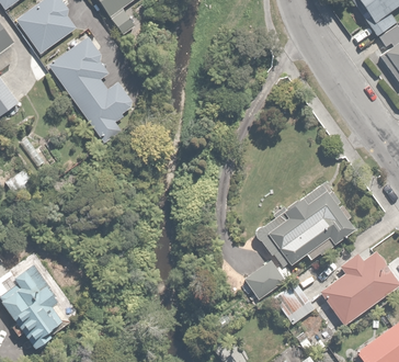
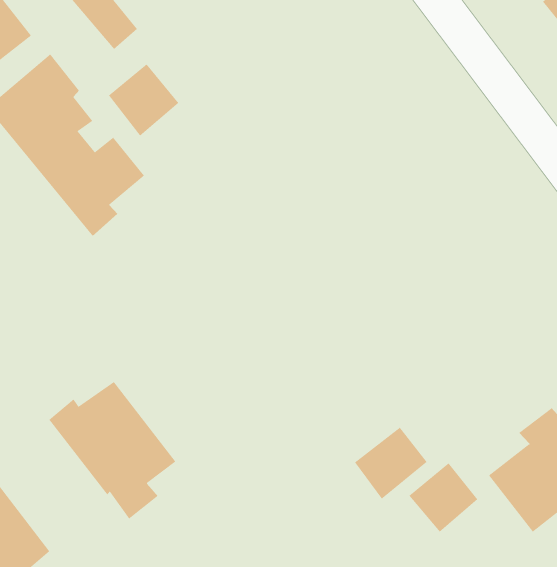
building: none -> [108,63,179,136]
building: [254,181,357,271] -> none
building: none -> [49,381,176,519]

